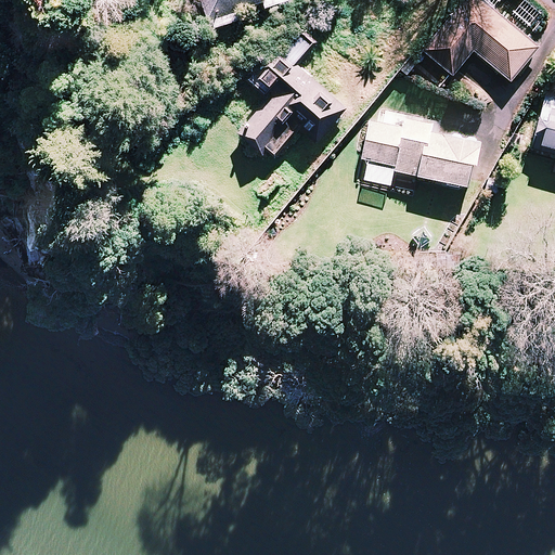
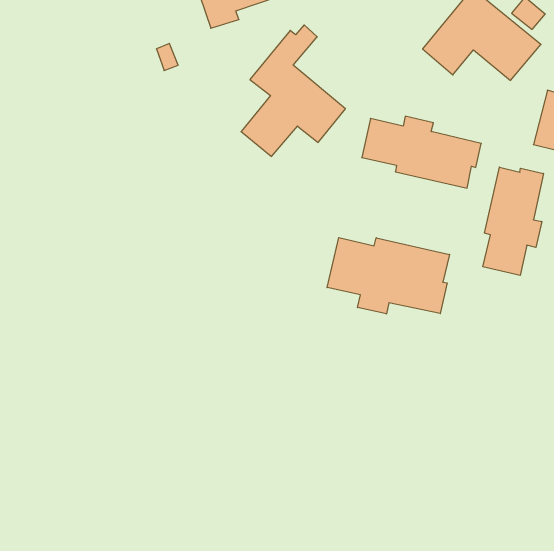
building: none -> [483,167,543,275]
building: none -> [327,238,450,314]

